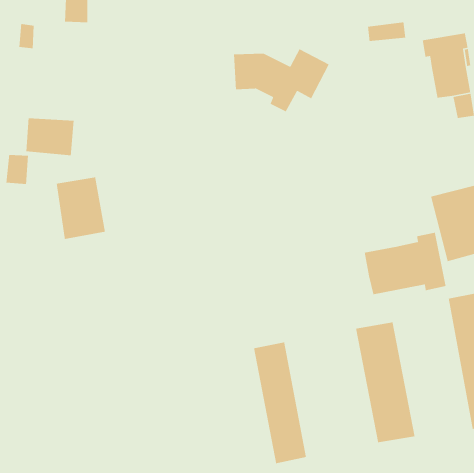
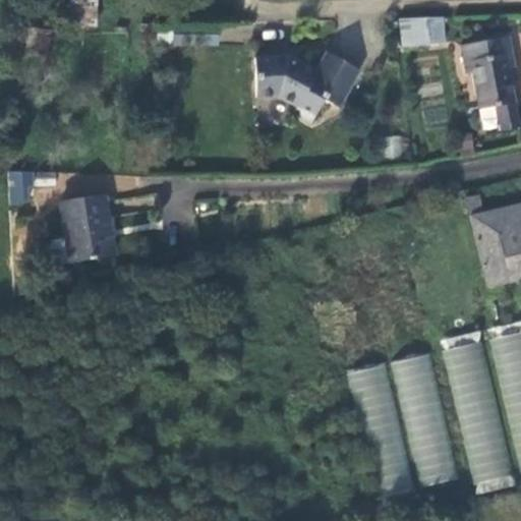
building: [25,117,75,156] -> none
building: [364,232,447,295] -> none
building: none -> [443,329,513,493]
building: [253,341,307,464] -> [352,361,411,496]

